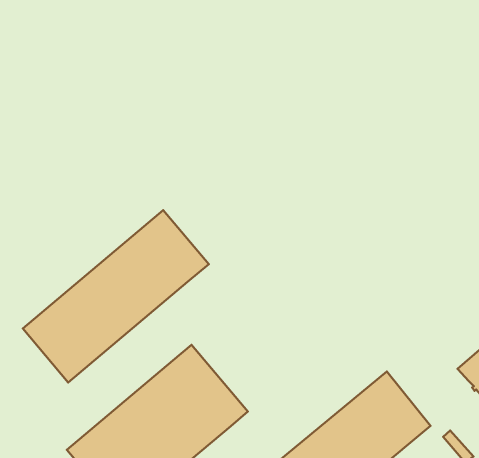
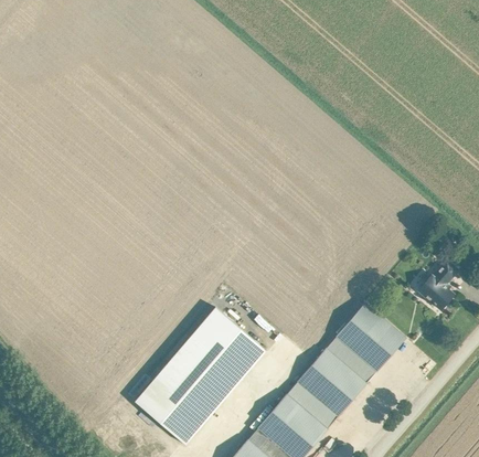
building: [23,210,209,382] -> none

